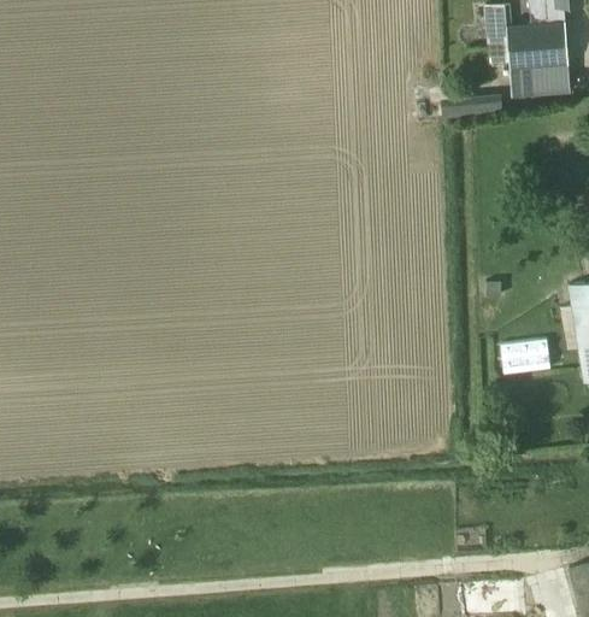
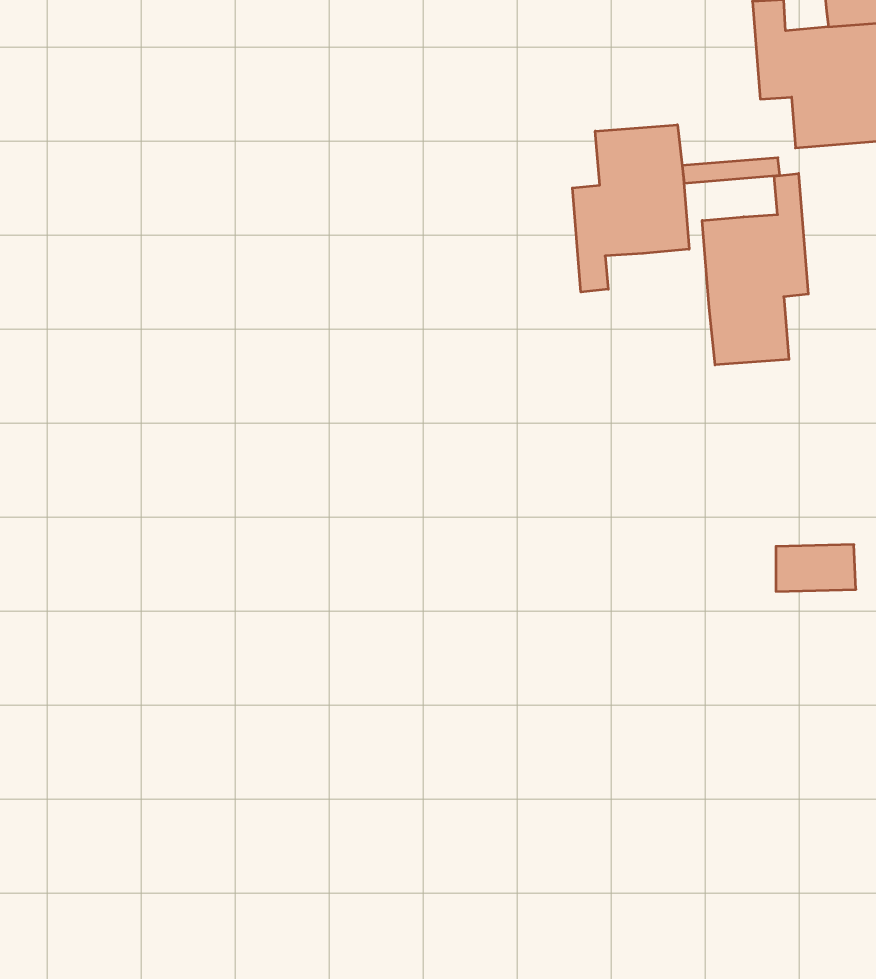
building: none -> [572,125,689,292]
building: none -> [702,173,808,365]

